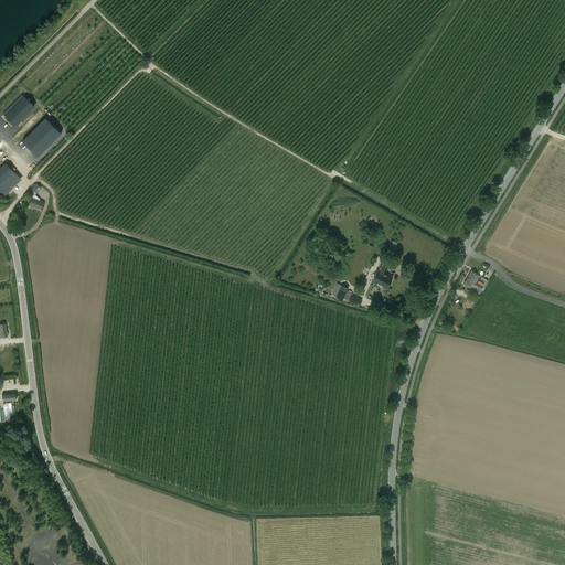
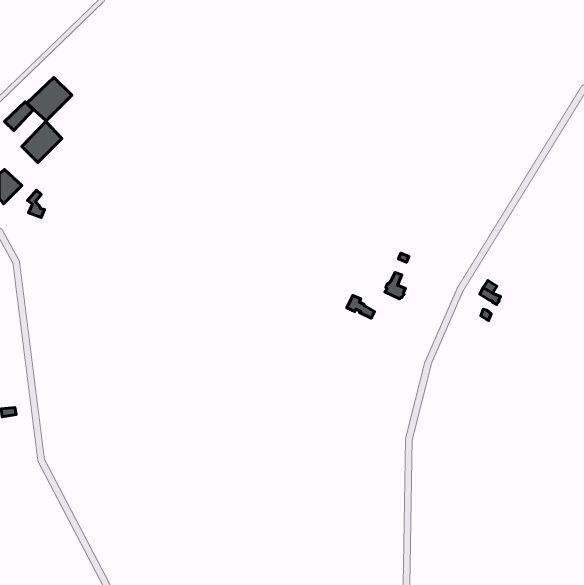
building: none -> [27,77,72,121]

